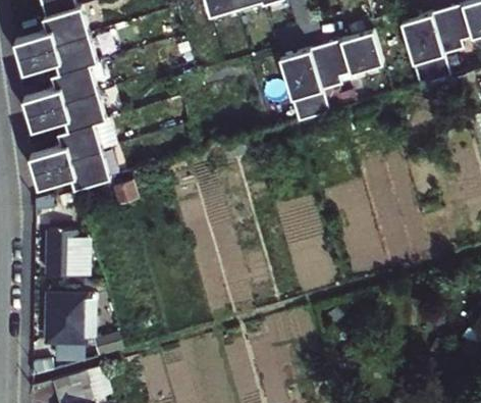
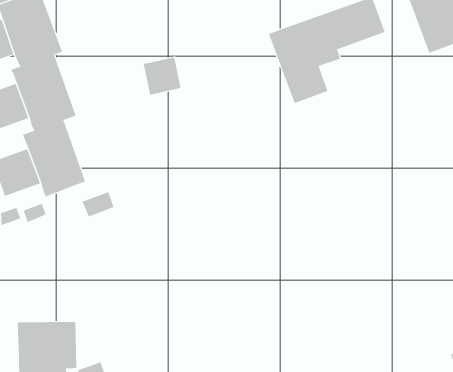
building: none -> [143,57,181,95]
building: [46,236,86,283] -> none

